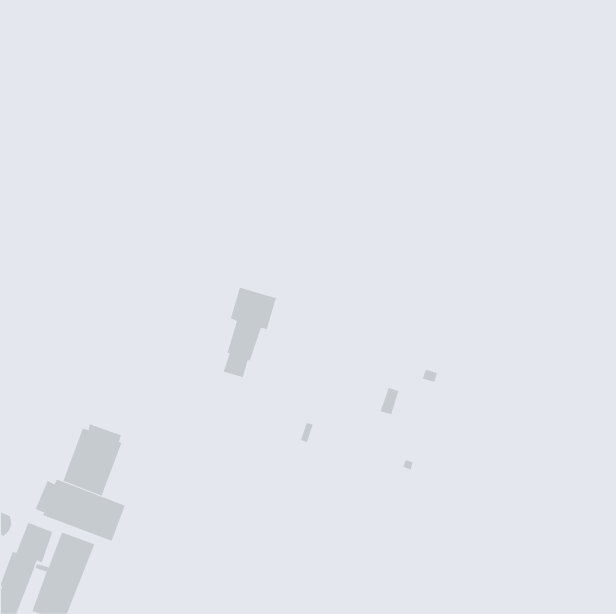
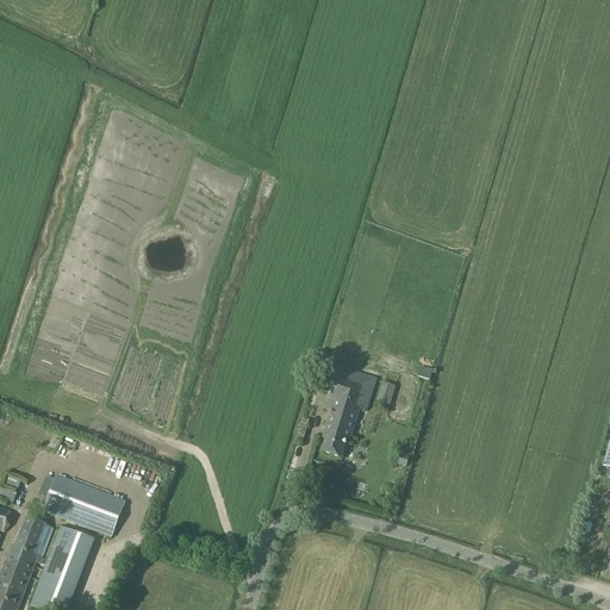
building: [223,287,277,378] -> [322,366,375,455]
building: [63,424,122,496] -> none

